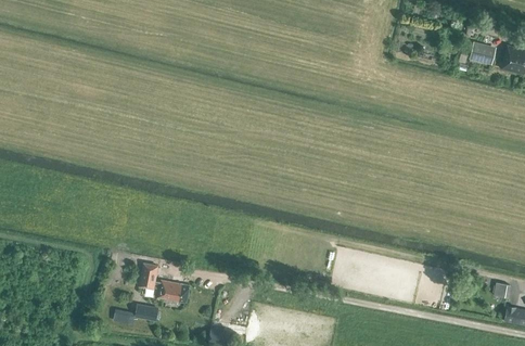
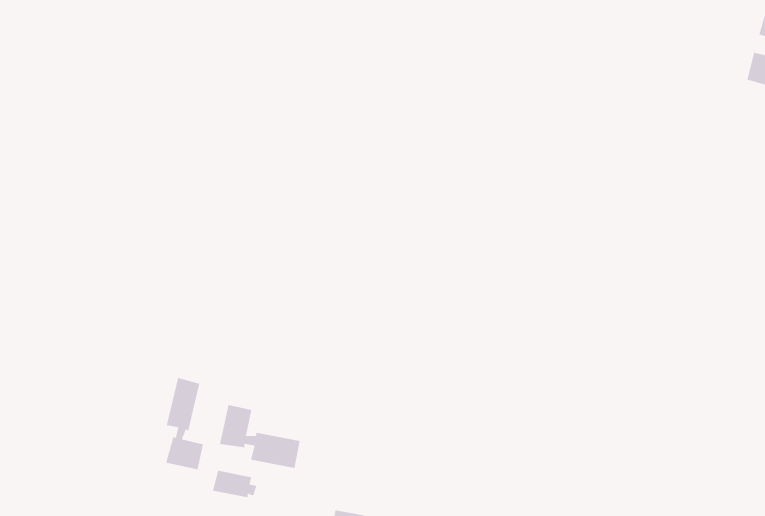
building: none -> [165,377,204,470]

